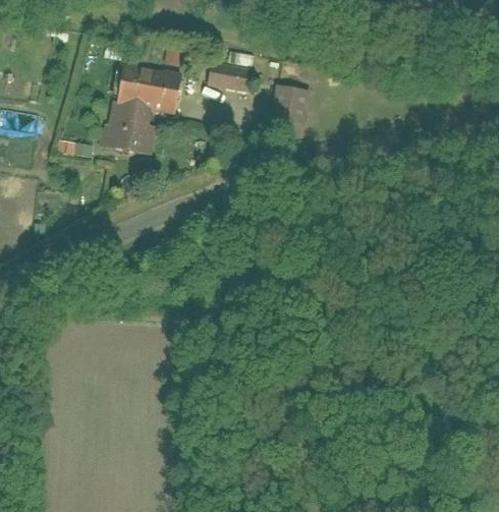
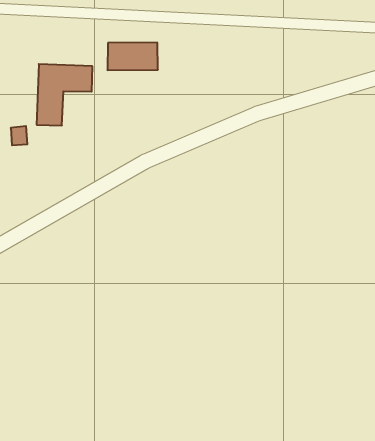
building: [268,84,308,132] -> none

